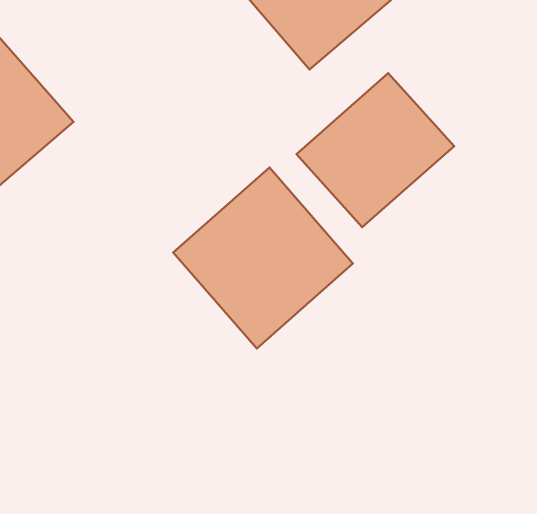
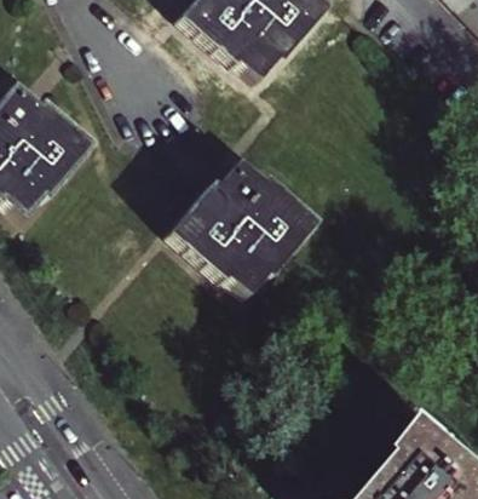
building: [296,73,454,227] -> none

